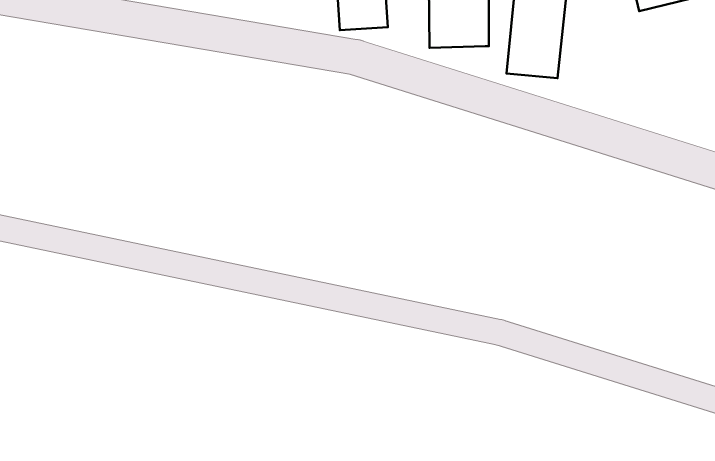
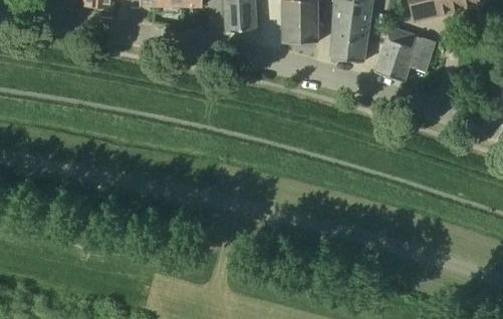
building: none -> [374,27,436,81]

